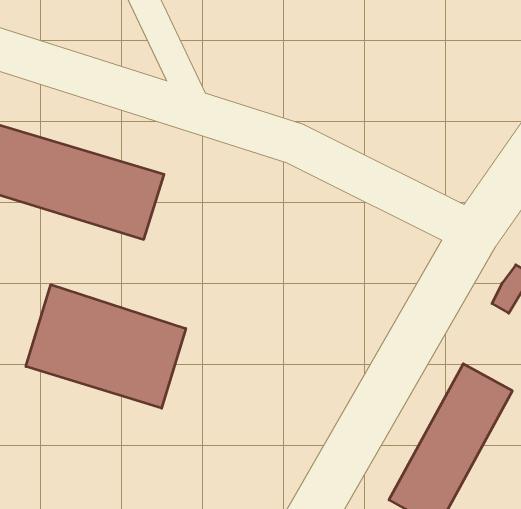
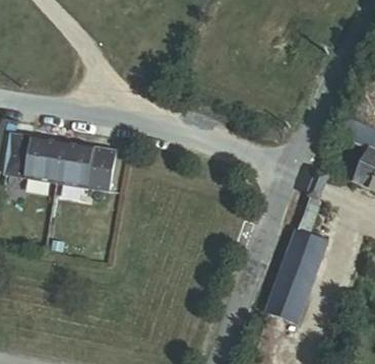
building: [26,285,186,408] -> none

